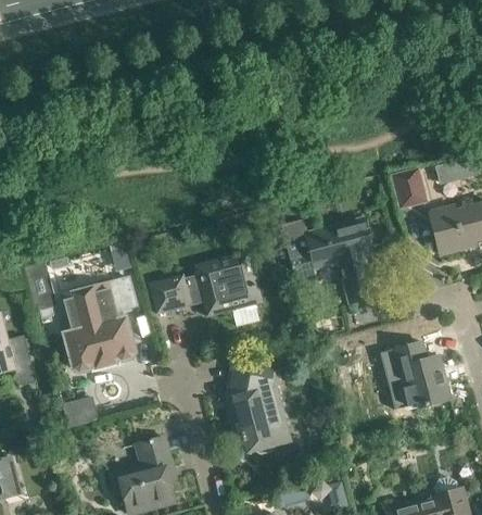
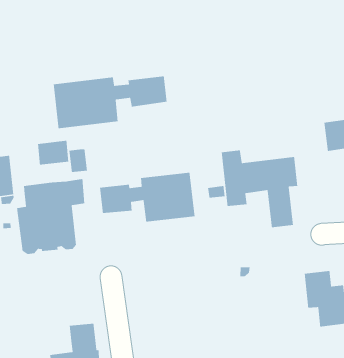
building: none -> [53,76,168,129]
building: none -> [37,140,69,166]
building: [226,360,291,455] -> none
building: [61,397,99,429] -> none

